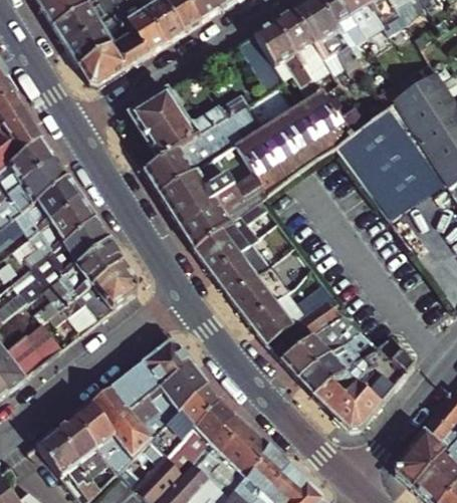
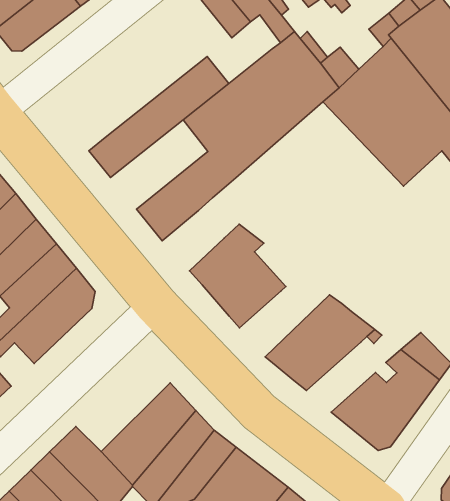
building: [128,88,252,159] -> none
building: [159,151,238,218] -> none
building: [195,224,244,271] -> none
building: [249,291,323,345] -> none
building: [111,340,190,408] -> none
building: [297,341,363,395] -> none

